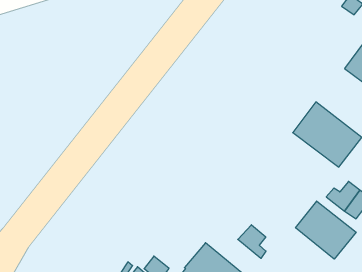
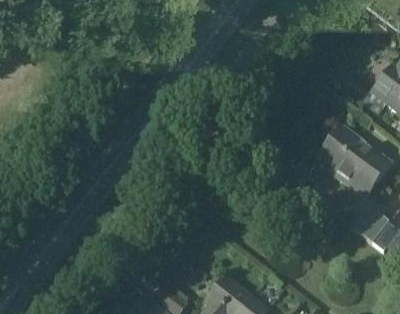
building: [296,201,356,259] -> none
building: [238,225,266,258] -> none

